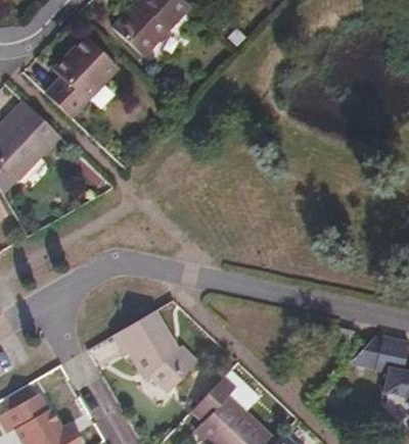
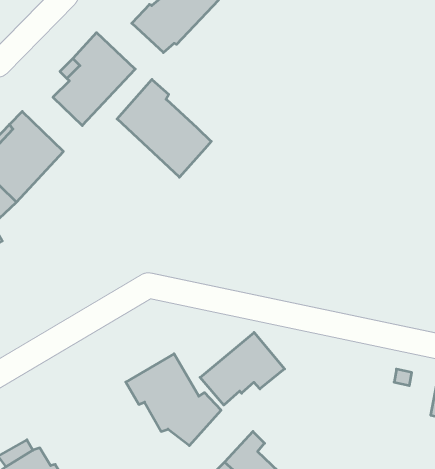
building: none -> [117,79,211,177]
building: none -> [200,332,285,405]

